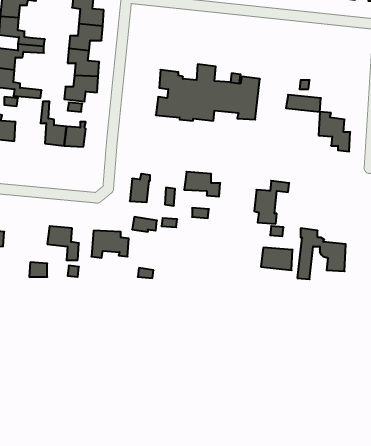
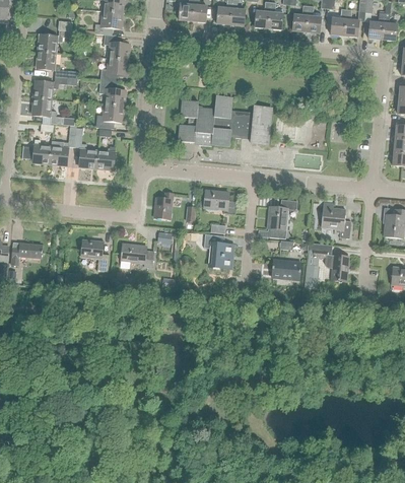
building: none -> [51,127,76,164]
building: [319,112,350,151] -> [322,202,350,237]
building: none -> [203,233,231,267]

